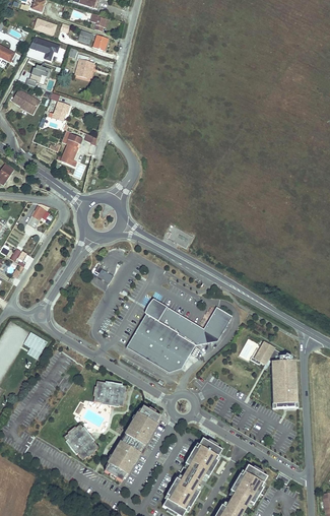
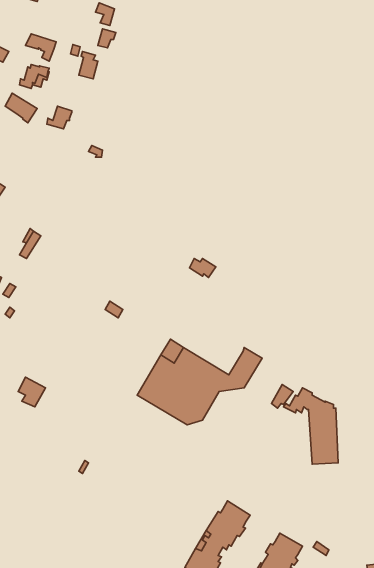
building: [57,130,82,167] -> none
building: [93,381,126,408] -> none
building: [105,406,160,481] -> none
building: [64,425,98,460] -> none

